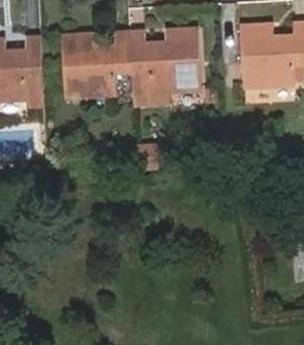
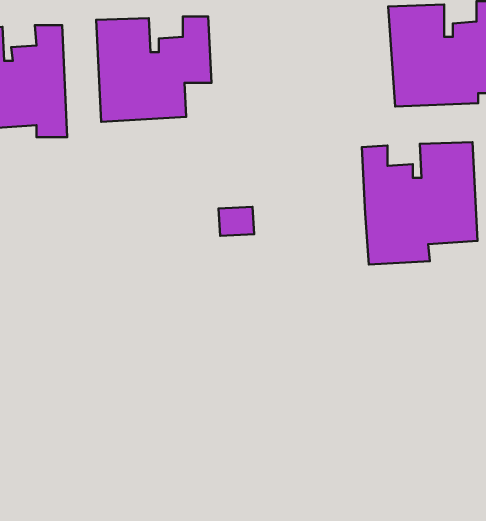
building: [130,29,200,103] -> [362,142,477,264]

